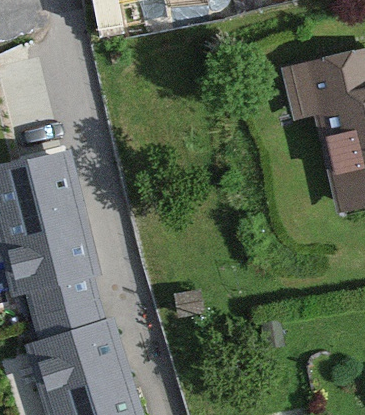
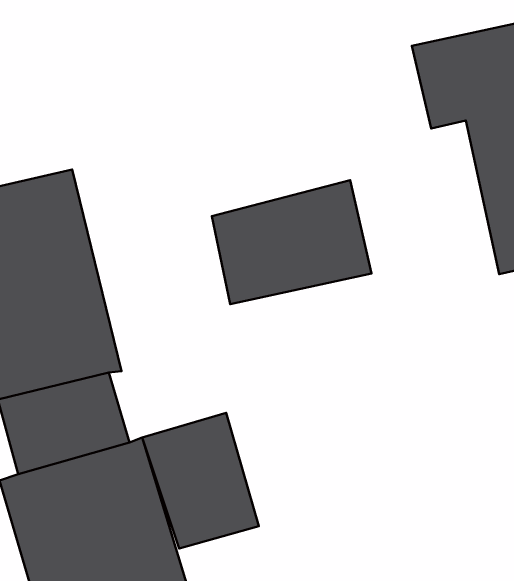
building: none -> [212,180,371,304]
building: none -> [142,413,259,549]

